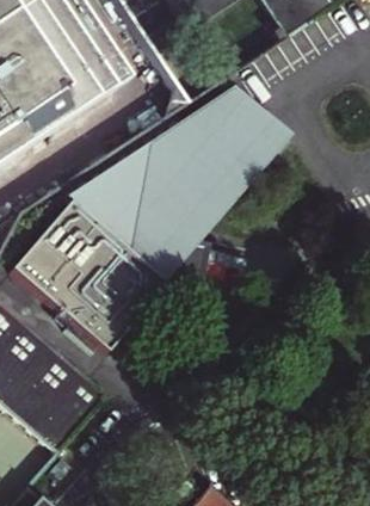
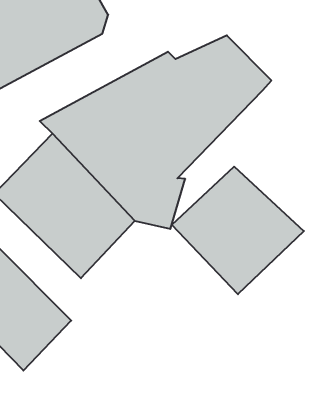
building: none -> [172,167,304,294]

